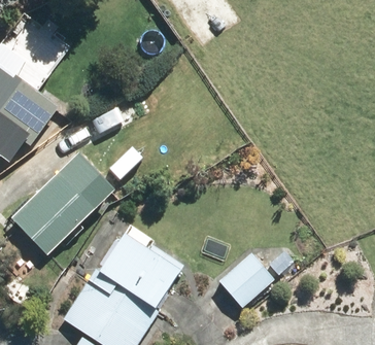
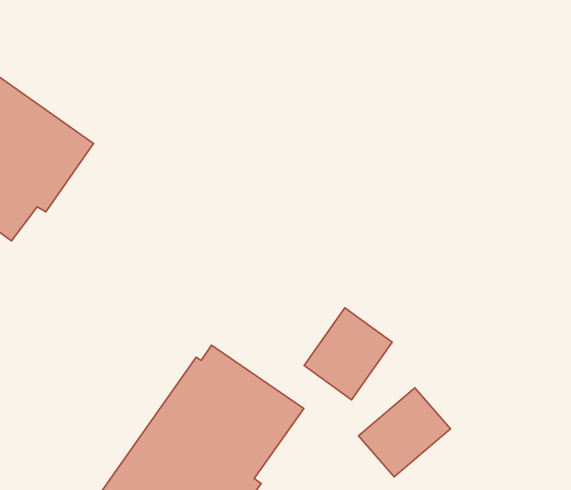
building: [14,170,99,253] -> none
building: none -> [304,308,392,400]

